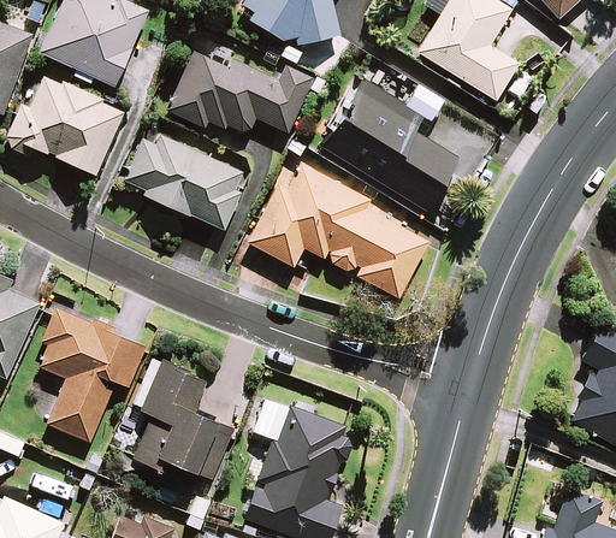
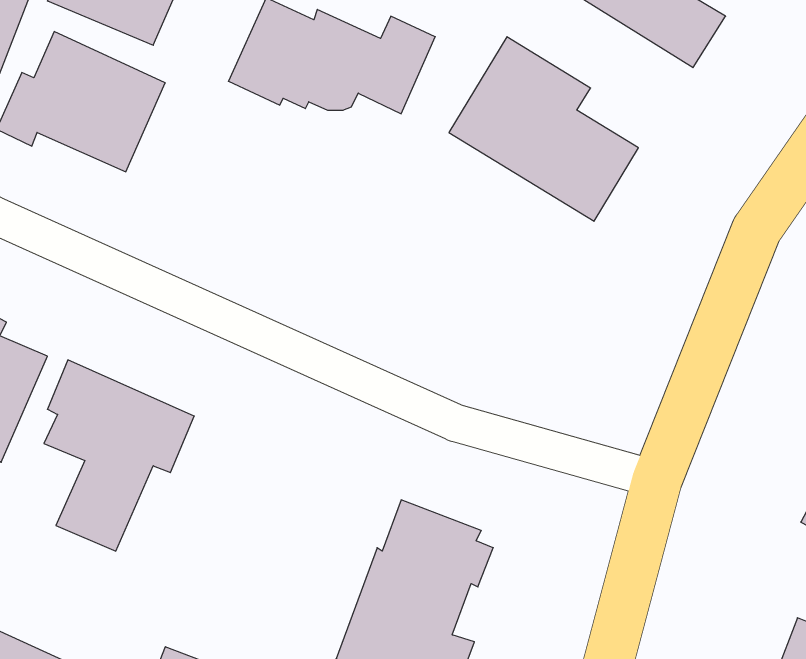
building: [125,131,248,230] -> none
building: [249,161,428,297] -> none
building: [132,356,235,479] -> none

